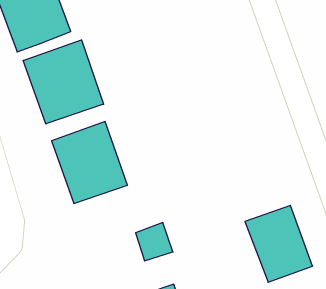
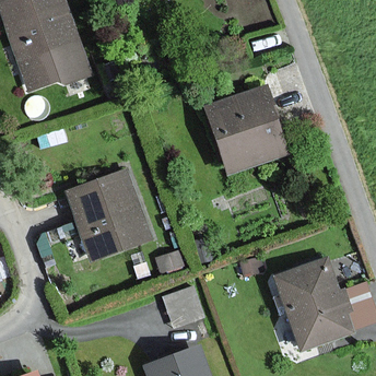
building: [23,40,104,124] -> none
building: none -> [204,87,287,176]

